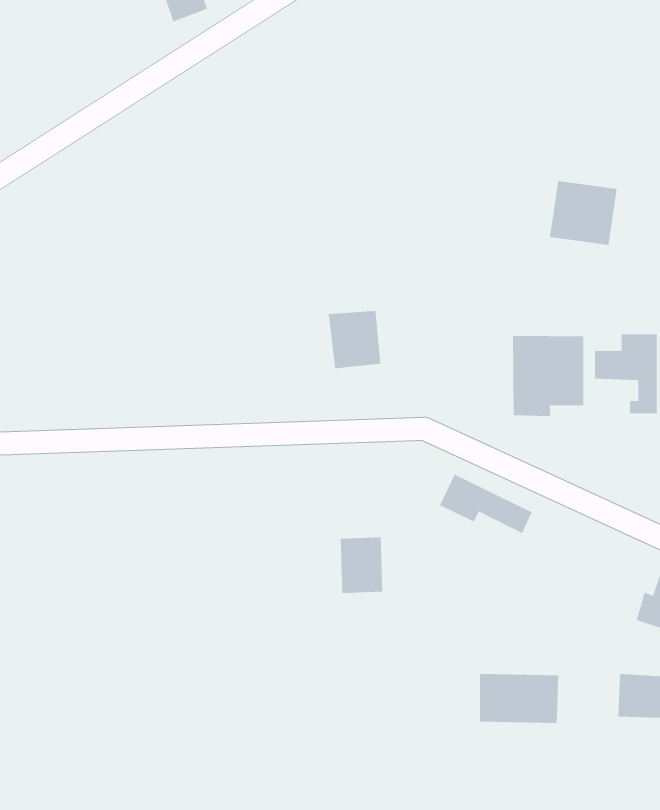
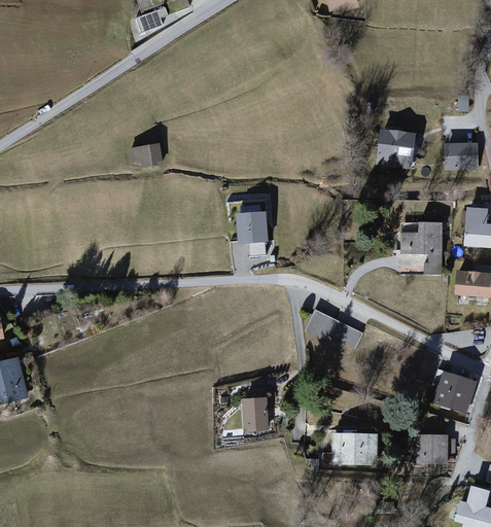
building: none -> [129,142,163,166]
building: [512,335,584,417] -> none
building: [340,537,383,593] -> [242,395,269,430]

